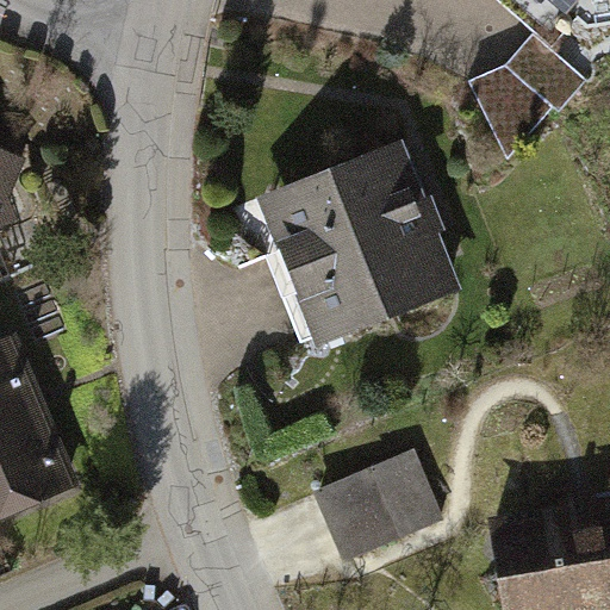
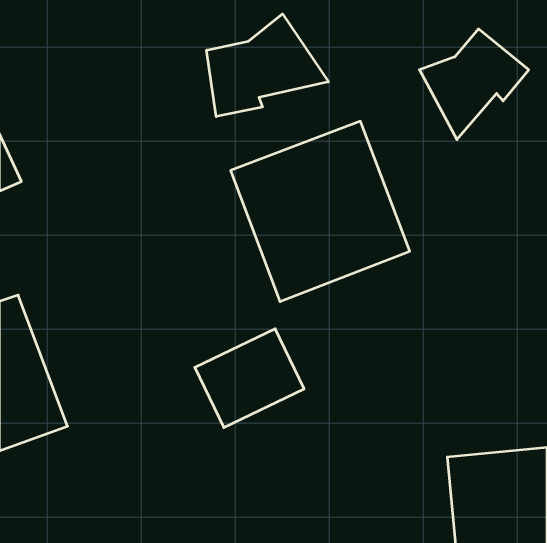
building: none -> [207,14,328,117]
building: [318,454,440,564] -> [195,329,304,428]

